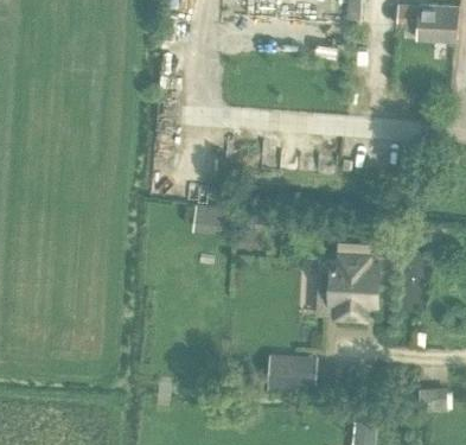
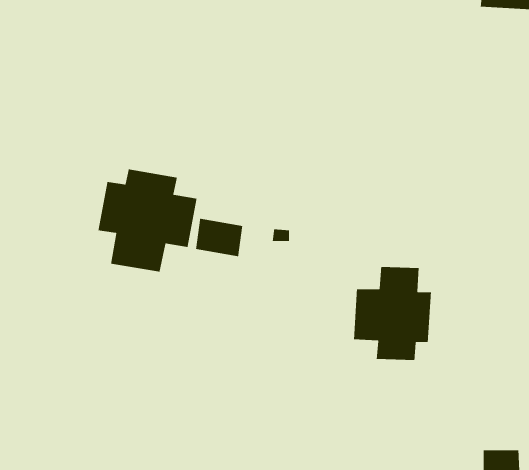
building: none -> [98,169,198,273]
building: [268,355,317,389] -> none

